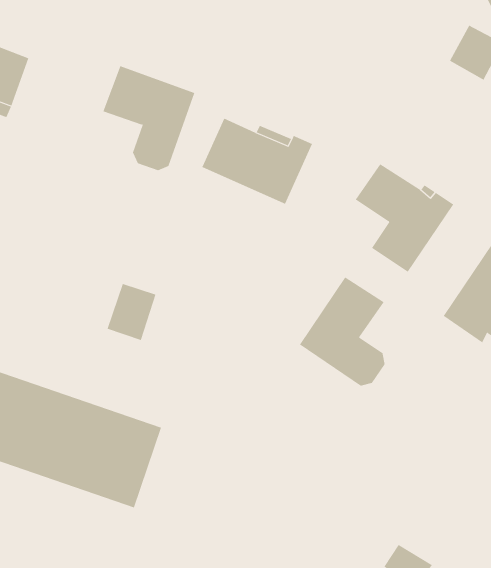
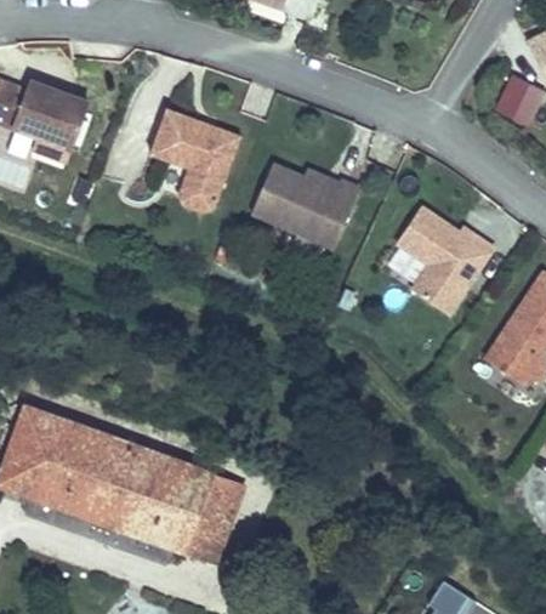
building: [299,276,385,386] -> none
building: [107,283,156,341] -> none
building: none -> [183,467,235,555]

